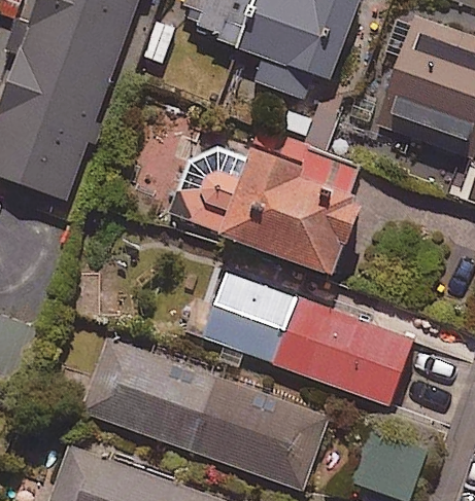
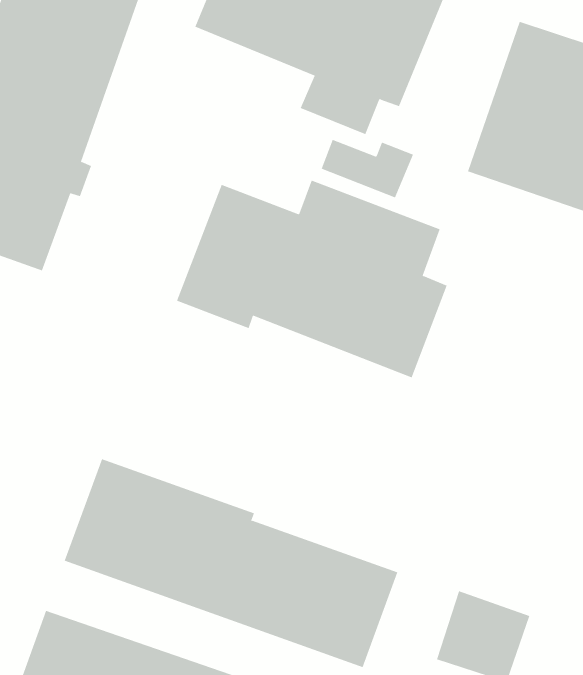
building: [202,271,413,407] -> none

